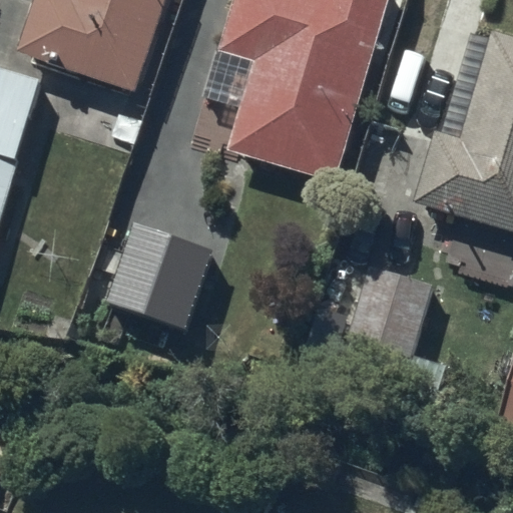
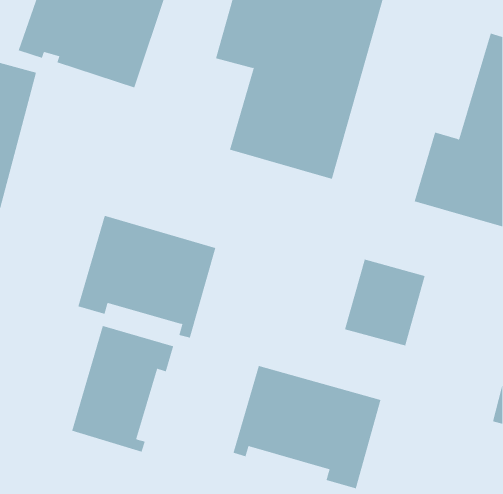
building: none -> [71,325,174,452]
building: none -> [233,365,381,489]

